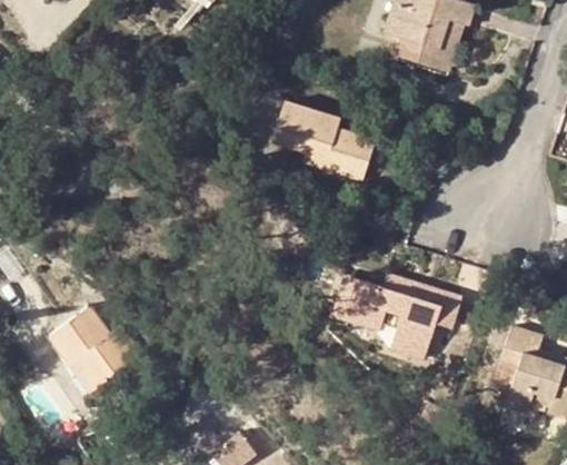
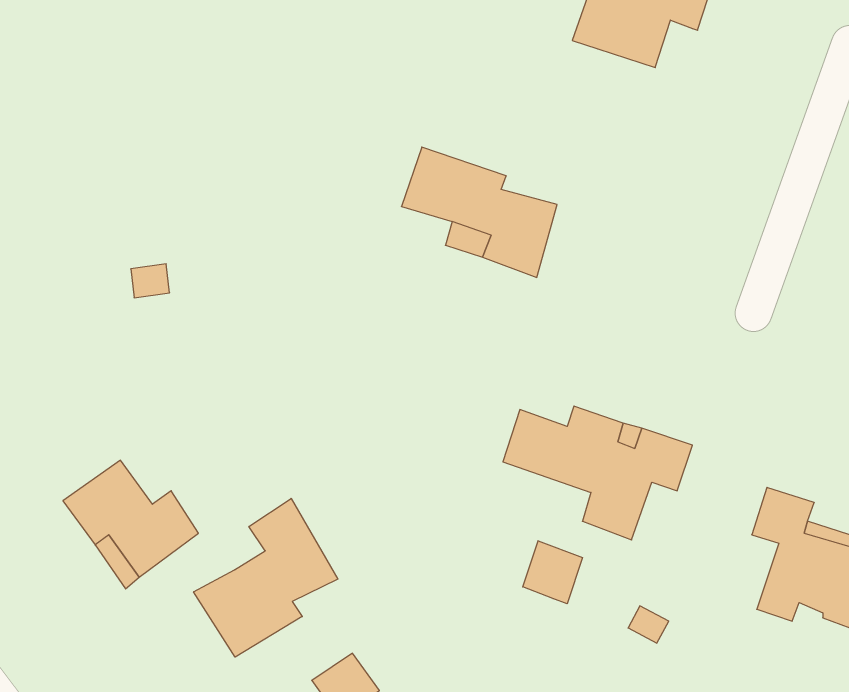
building: [396,18,464,69] -> none
building: none -> [194,498,338,657]
building: none -> [523,541,582,604]

